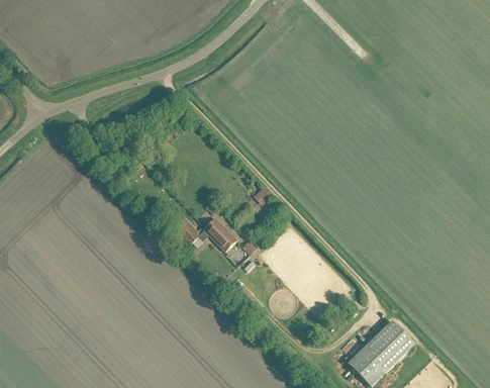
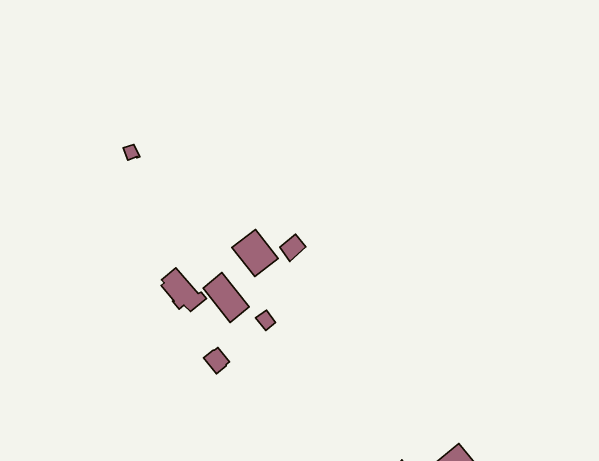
building: none -> [232,230,278,277]

